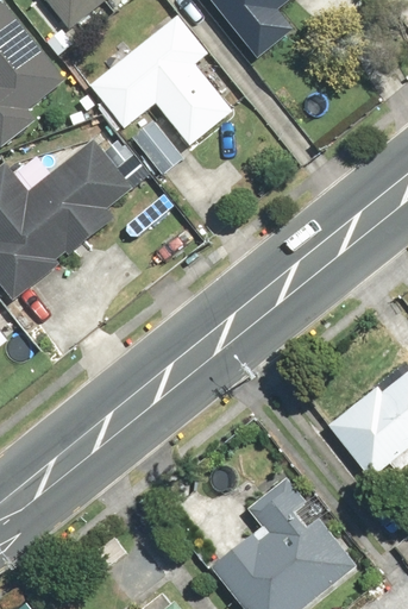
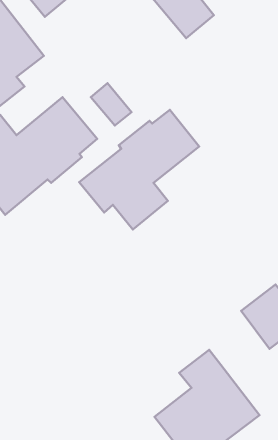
building: [88,15,233,147] -> none
building: none -> [79,110,199,229]

